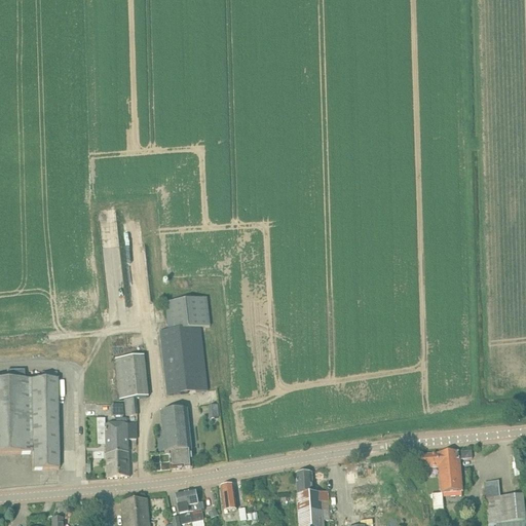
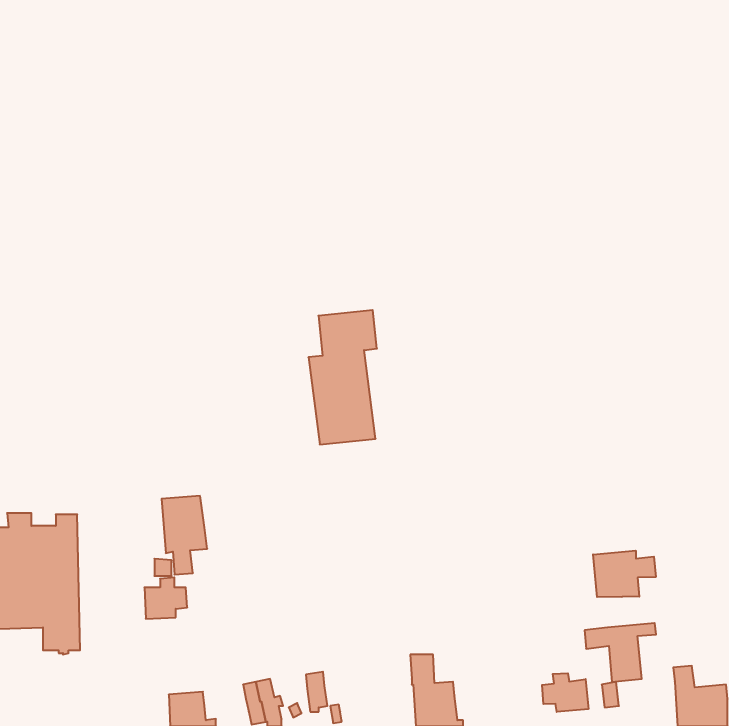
building: [159,296,209,392] -> [308,310,377,444]
building: none -> [593,551,656,597]
building: [160,407,191,467] -> none
building: [105,444,128,477] -> none
building: none -> [542,673,588,712]

